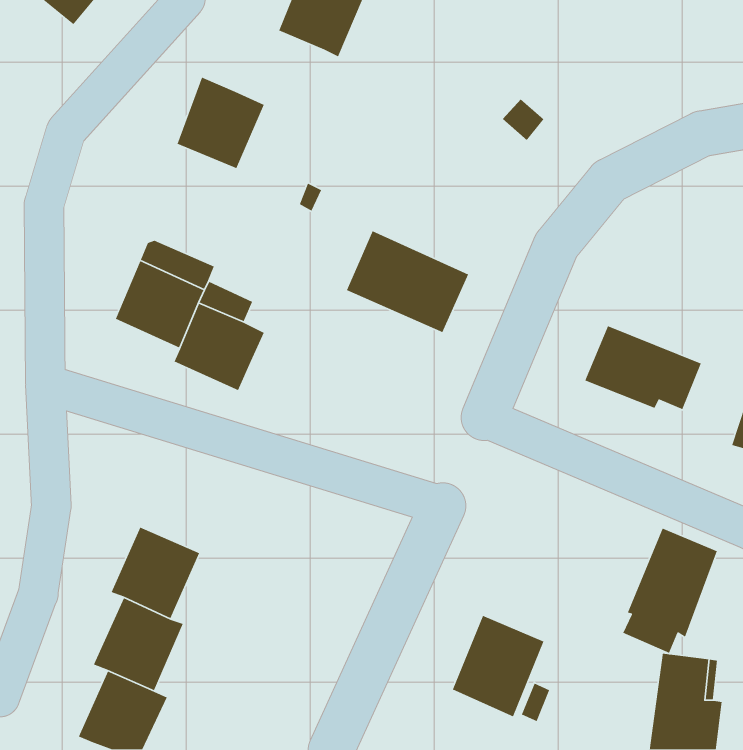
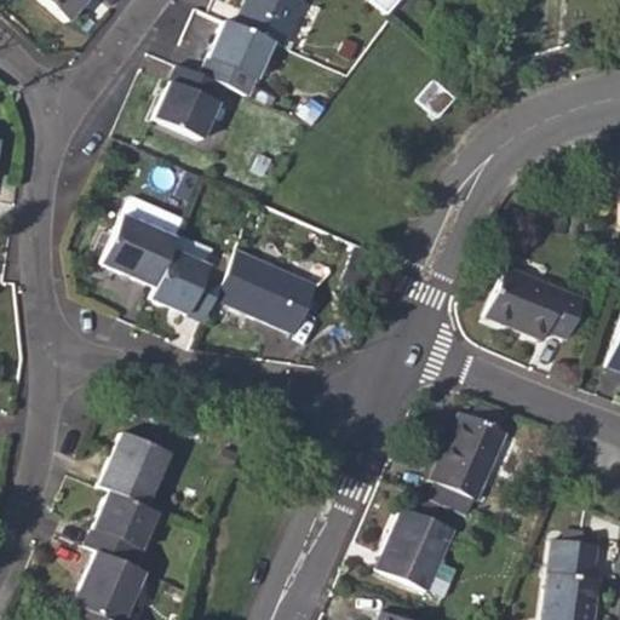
building: none -> [201,21,274,97]
building: [346,230,469,333] -> [214,248,316,333]
building: [622,527,718,654] -> [429,411,507,515]

